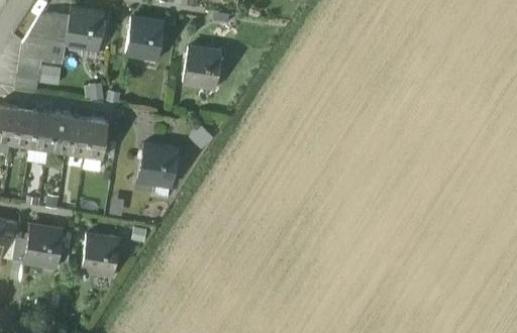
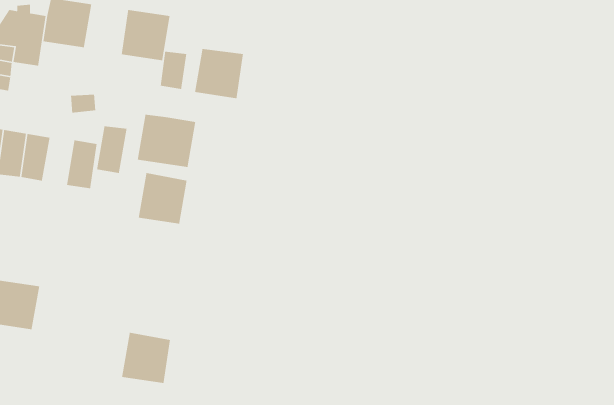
building: none -> [160,51,187,90]
building: none -> [137,114,196,168]
building: [66,117,90,154] -> [96,125,127,174]
building: [81,235,119,275] -> [121,332,171,384]

